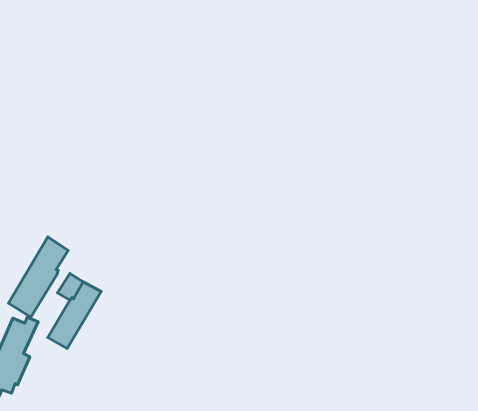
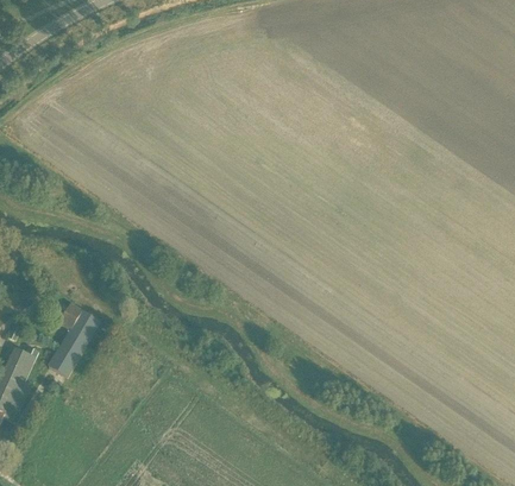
building: [9,237,68,317] -> none

